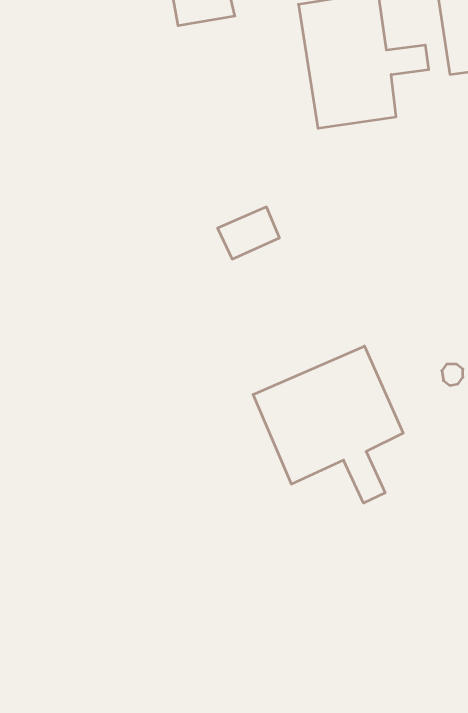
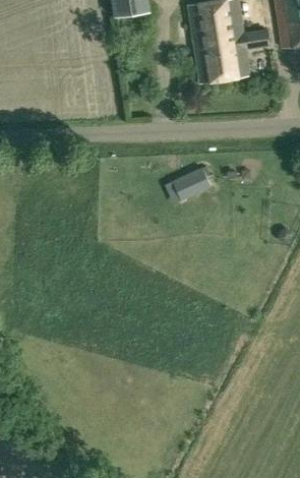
building: [218,207,279,259] -> [169,168,207,200]
building: [253,346,403,503] -> none

